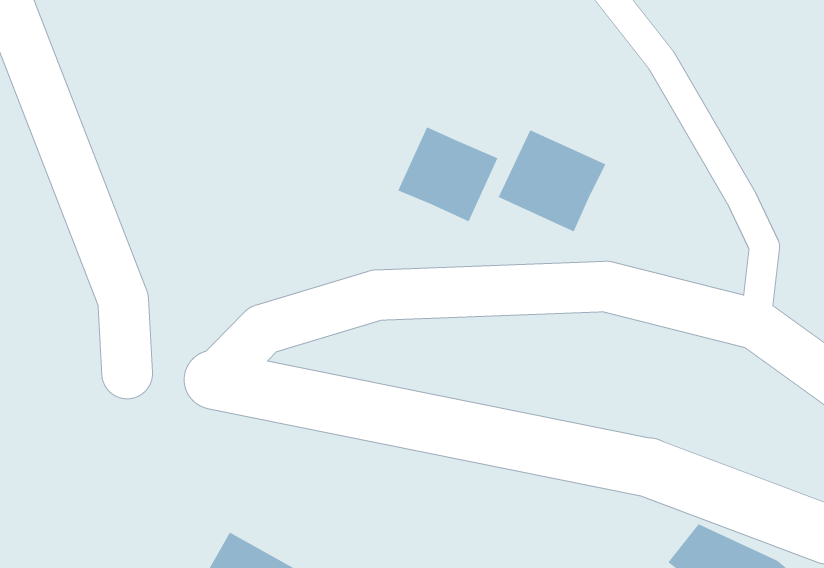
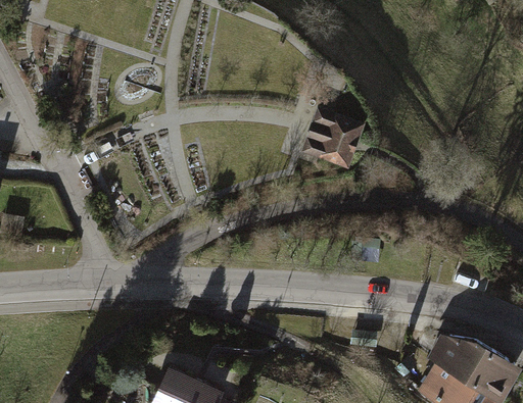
building: [397,126,498,222] -> none

